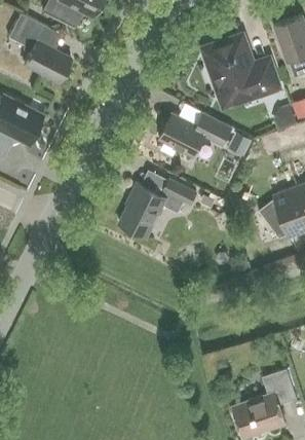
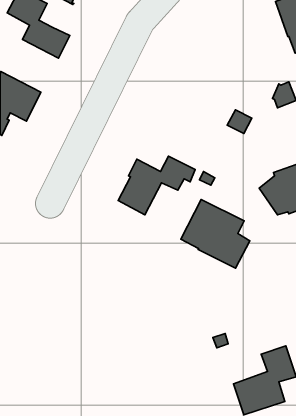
building: [206,38,278,104] -> none
building: [159,113,232,157] -> none
building: none -> [181,199,250,268]

